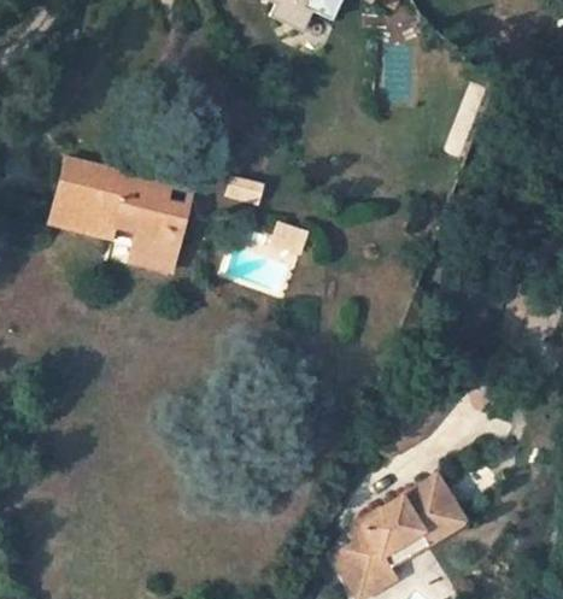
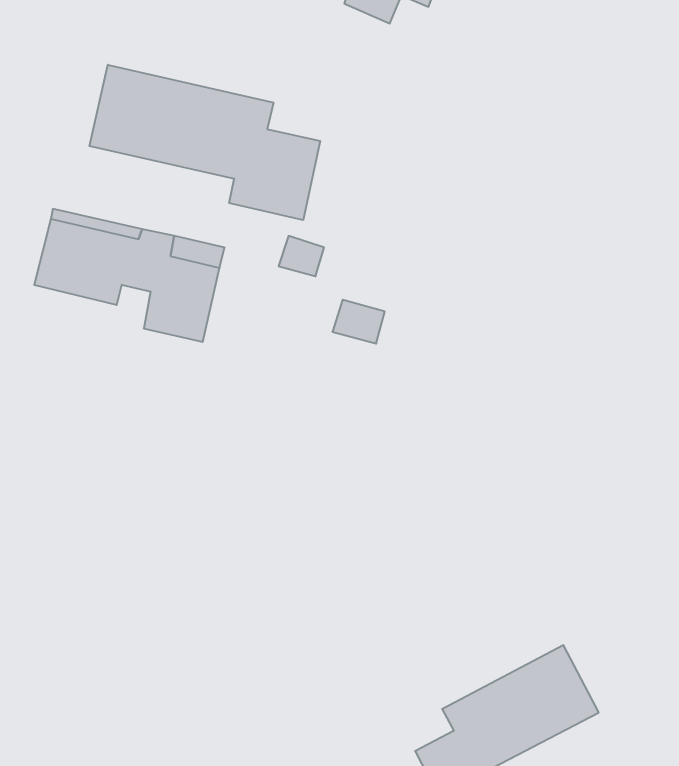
building: none -> [89,65,320,220]

